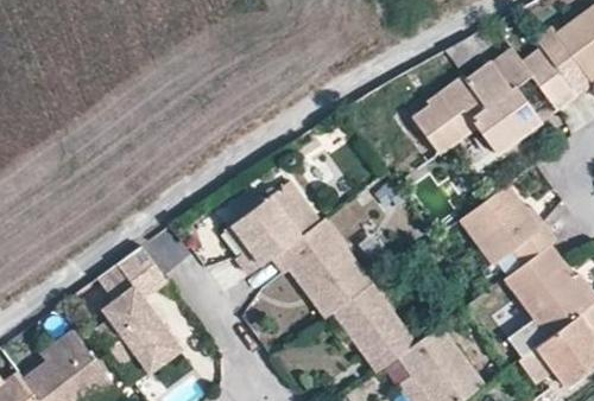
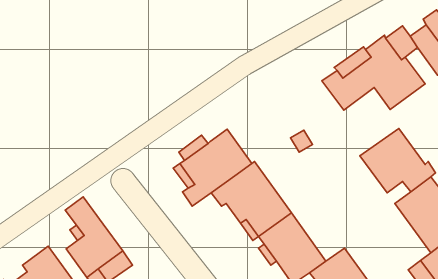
building: [114,248,164,300] -> none

